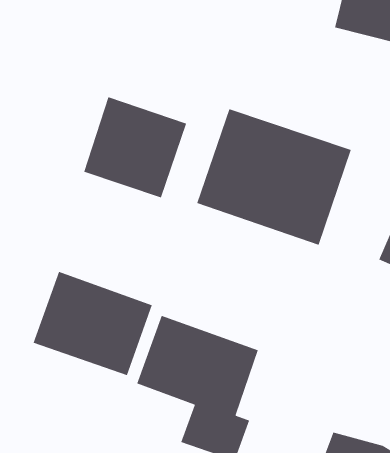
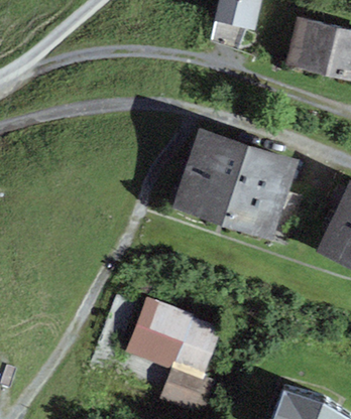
building: [83,96,187,198] -> none
building: [32,271,153,376] -> none

